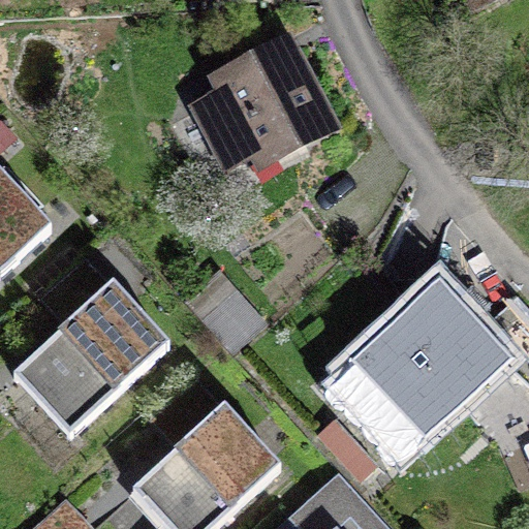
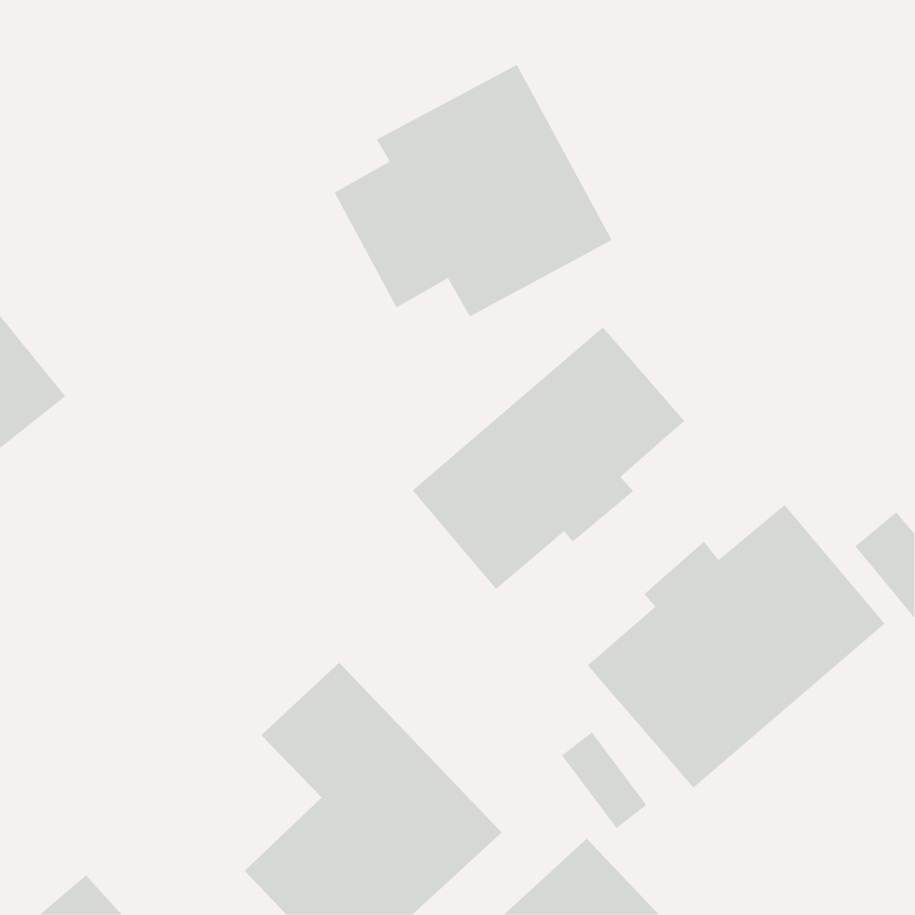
building: none -> [412,326,685,590]
building: [24,253,170,434] -> none

